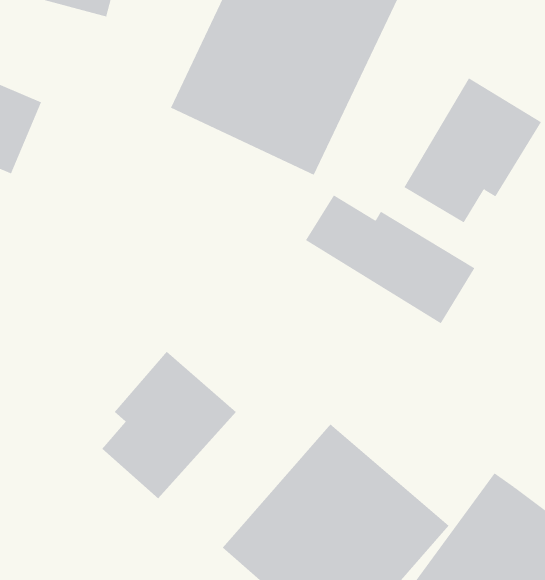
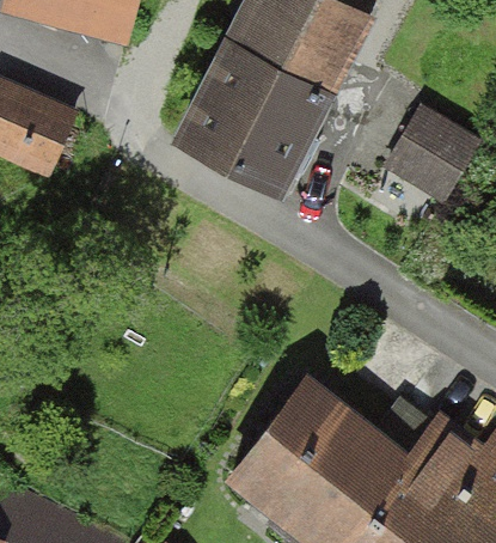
building: [305,195,475,324] -> none
building: [101,351,237,499] -> none

